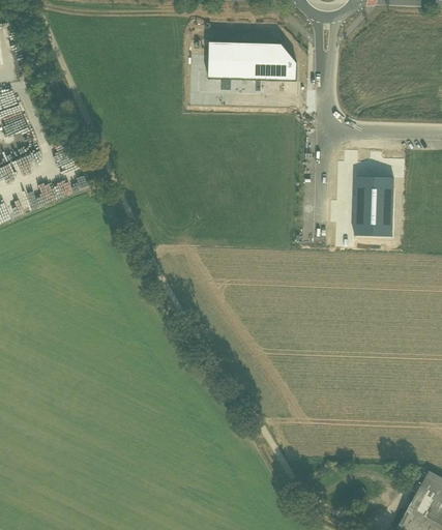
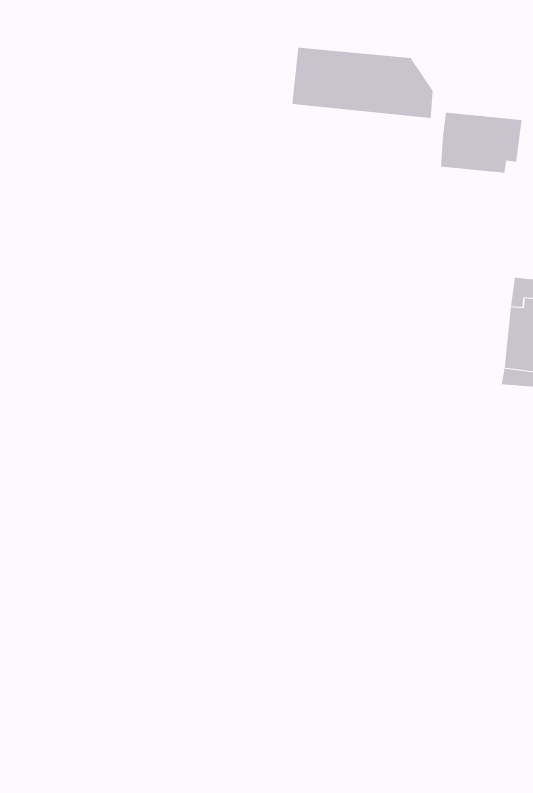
building: none -> [440,112,522,173]

